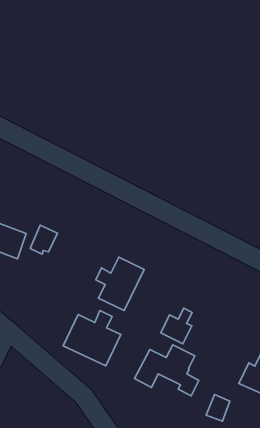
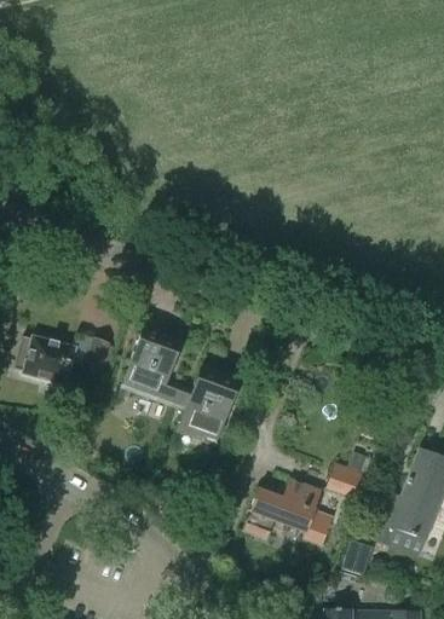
building: none -> [126,329,180,401]
building: [161,308,192,344] -> [325,452,367,501]
building: [63,310,121,366] -> none

